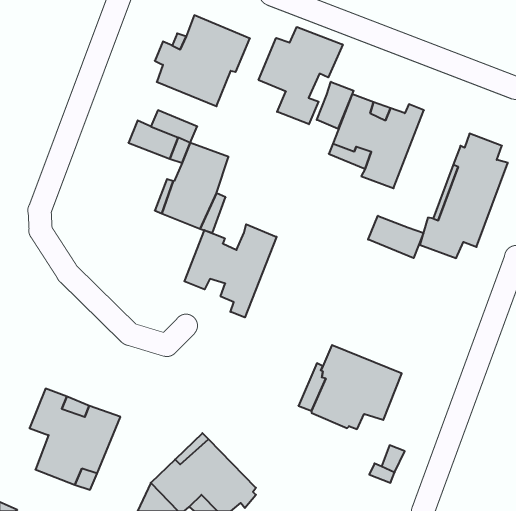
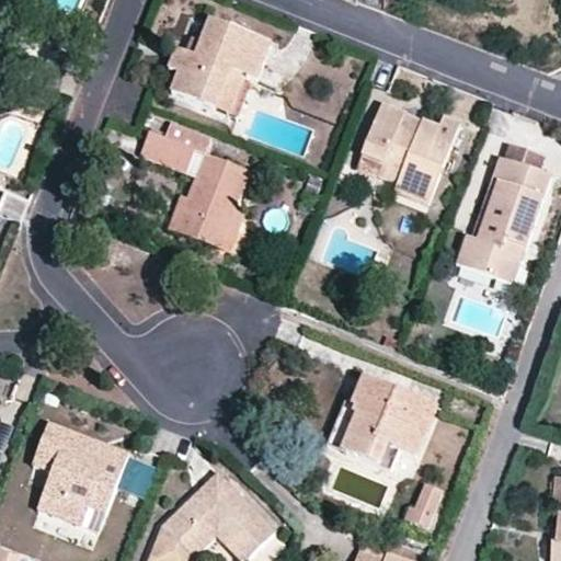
building: [259,27,343,124] -> none
building: [317,82,354,129] -> none
building: [368,216,423,258] -> none
building: [184,224,277,317] -> none

